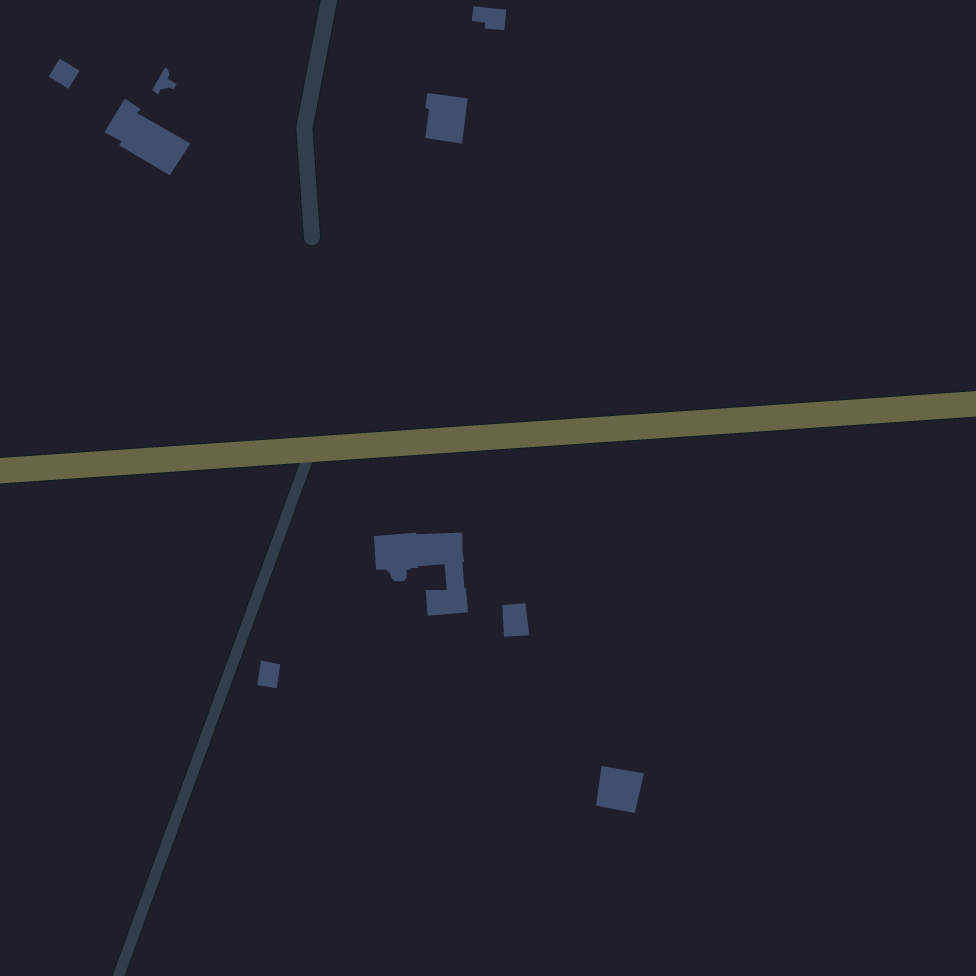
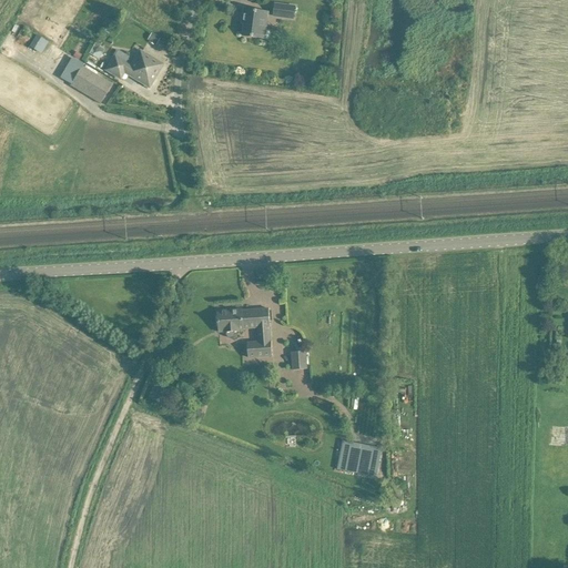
building: none -> [106,51,160,84]
building: [424,92,468,144] -> [242,8,267,38]

